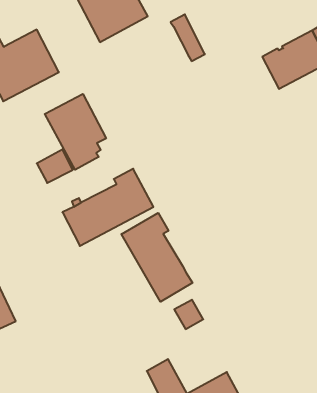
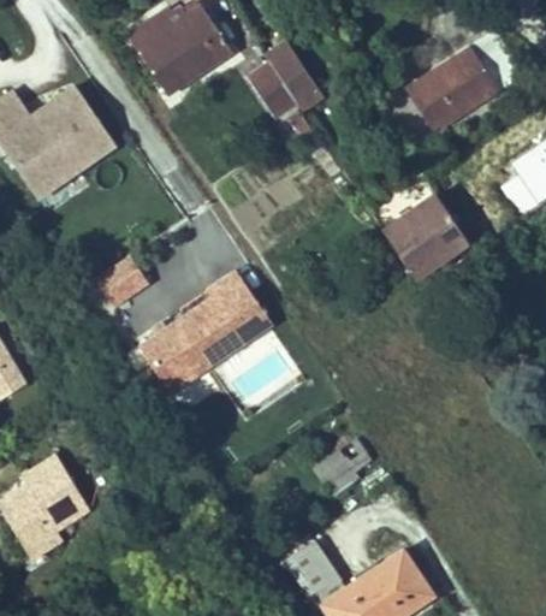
building: none -> [247,61,297,117]
building: [45,94,106,170] -> none
building: none -> [382,194,468,276]
building: [121,213,192,302] -> none

